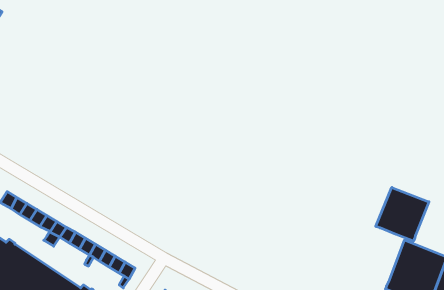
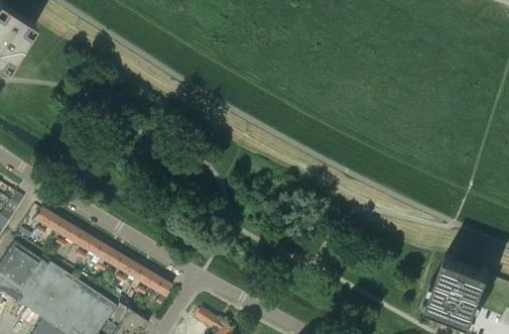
building: [376,187,429,241] -> none

